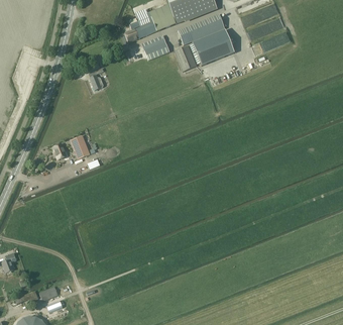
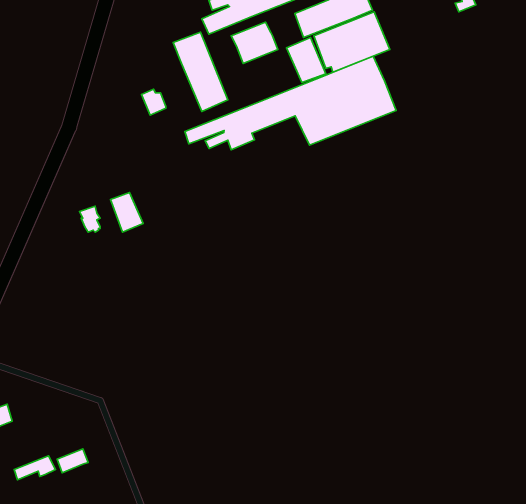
building: none -> [173,32,228,112]
building: none -> [185,56,396,150]

